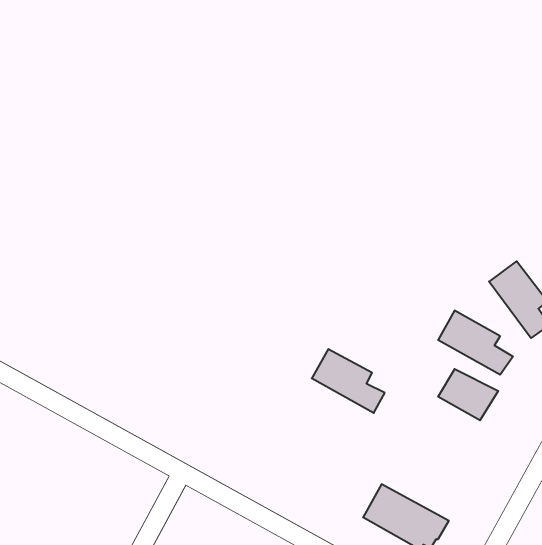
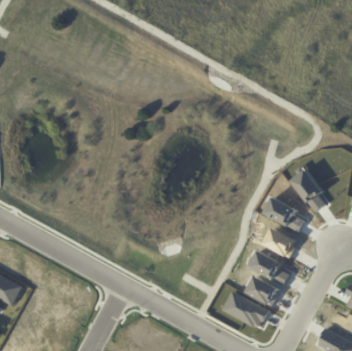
building: [312,349,385,413] -> [250,250,290,285]
building: none -> [247,275,279,306]

